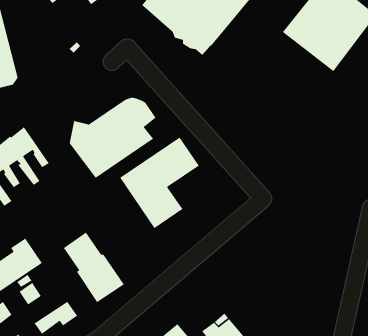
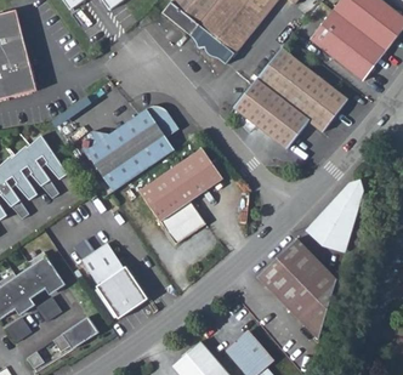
building: none -> [233,47,347,148]
building: none -> [305,178,364,252]
building: none -> [255,238,336,339]

